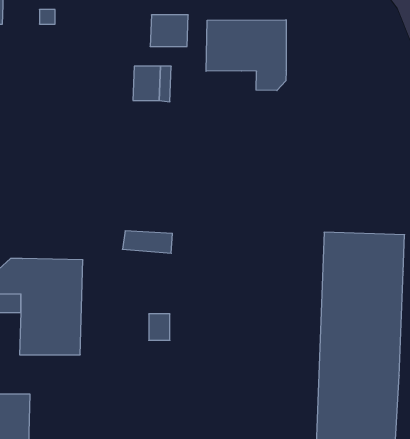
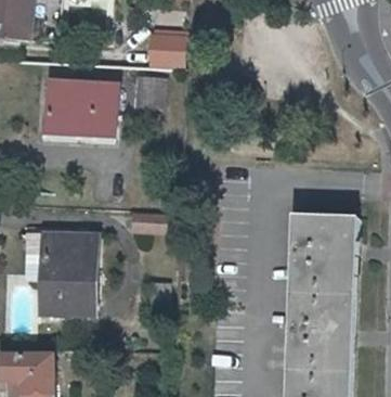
building: [206,20,286,91] -> none
building: none -> [45,84,116,137]

